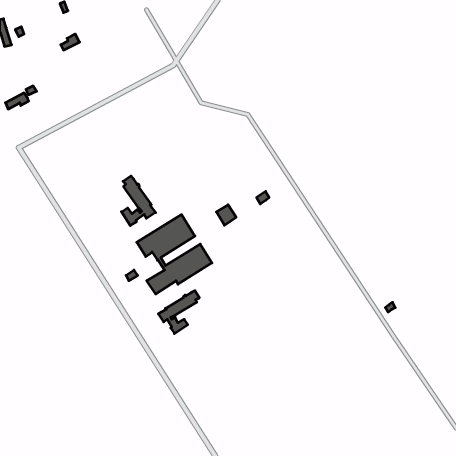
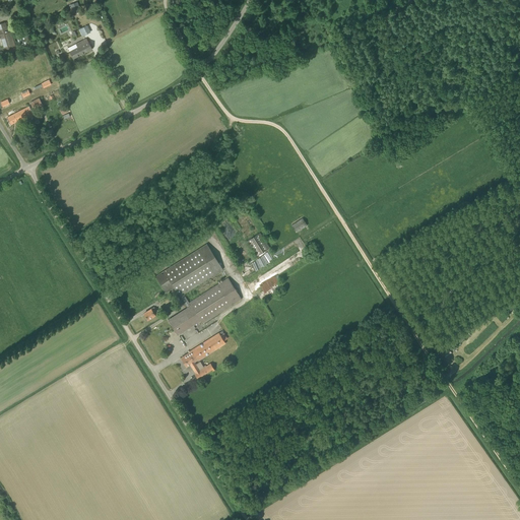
building: [121,176,156,226] -> none

